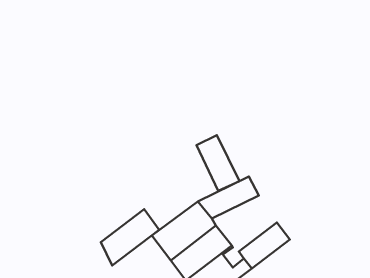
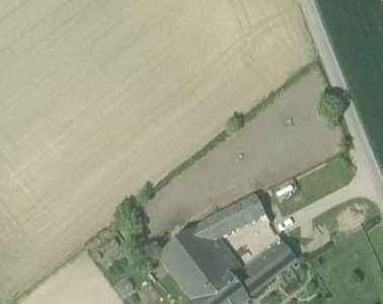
building: [197,135,239,191] -> none
building: [101,209,159,266] -> none

